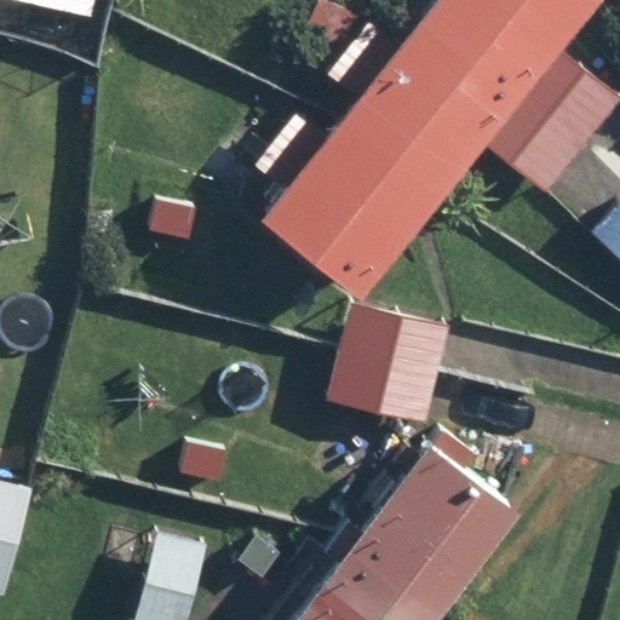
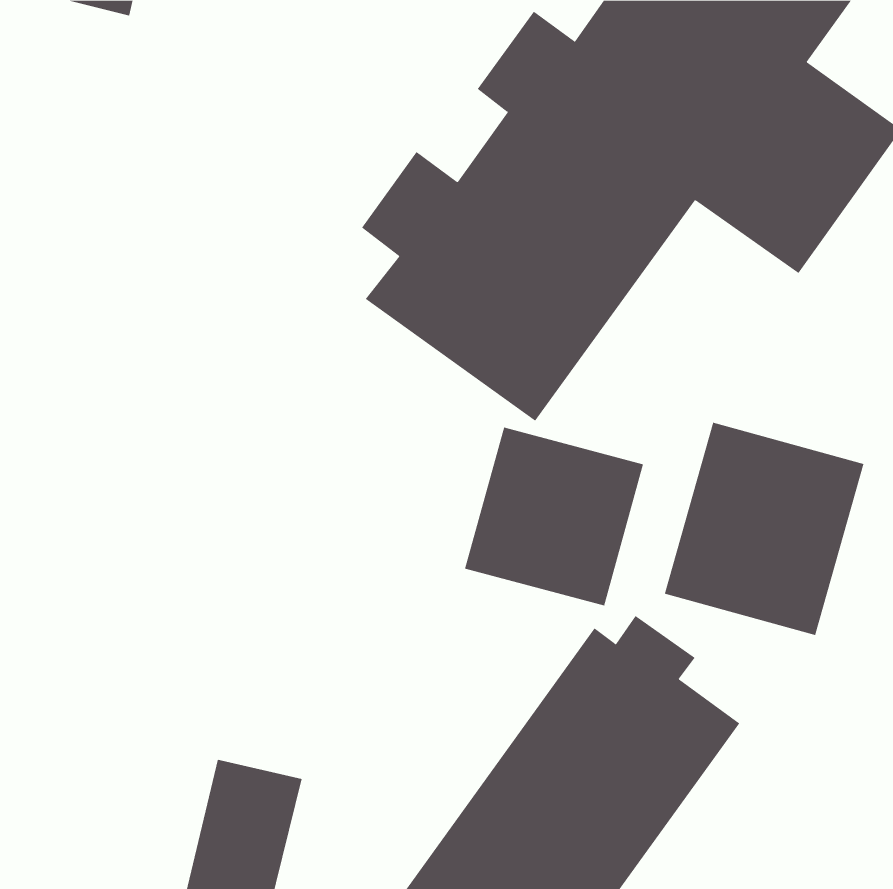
building: none -> [664,422,864,636]

